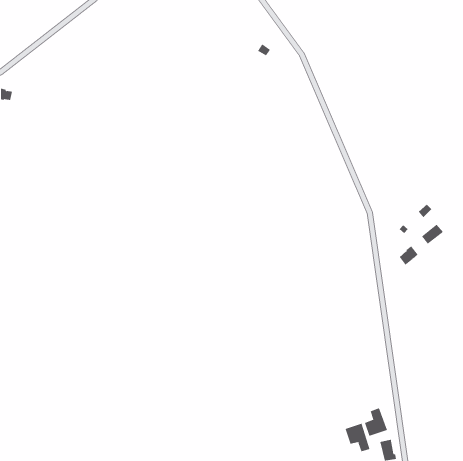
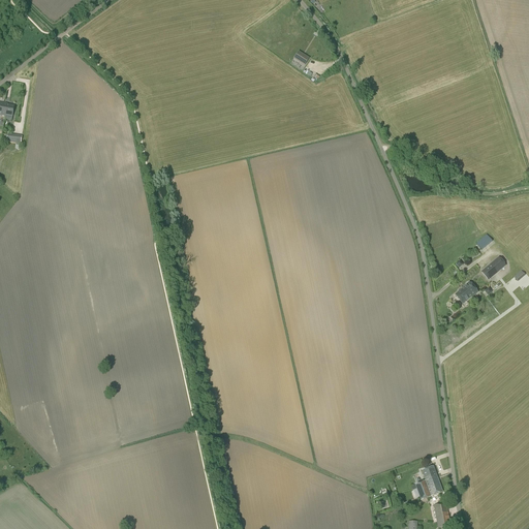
building: [345,423,370,452] -> none

